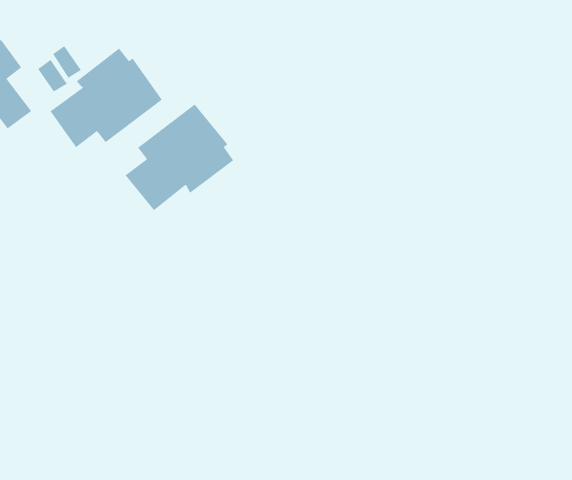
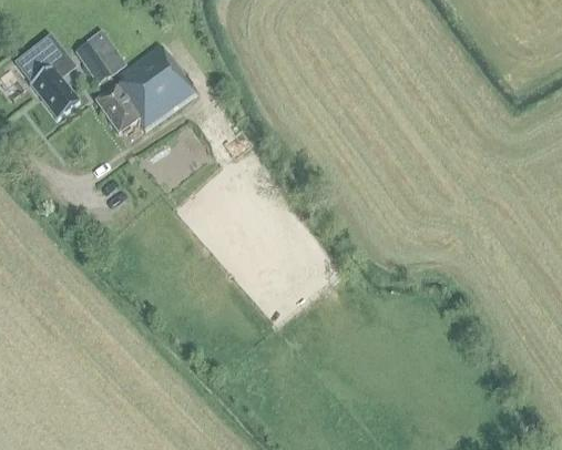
building: [124,104,234,211] -> none

